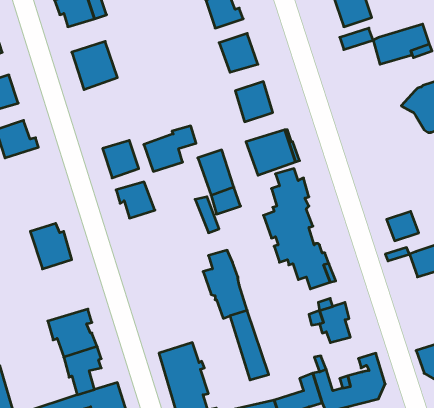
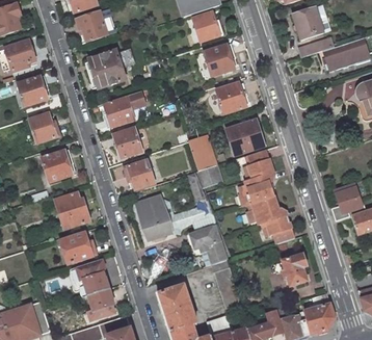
building: [144,126,196,171] -> [104,90,144,126]
building: none -> [42,149,72,180]
building: none -> [139,195,172,239]
building: none -> [59,233,97,263]

